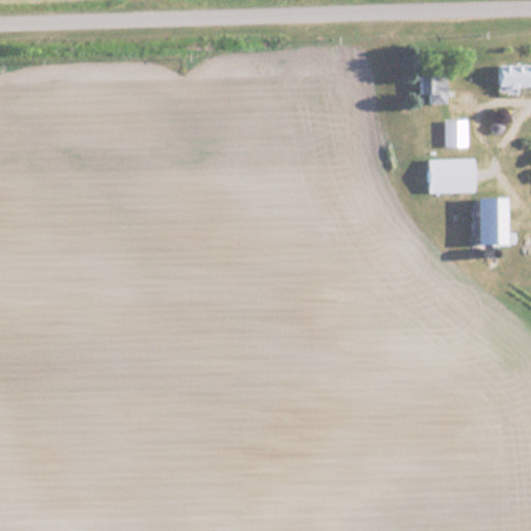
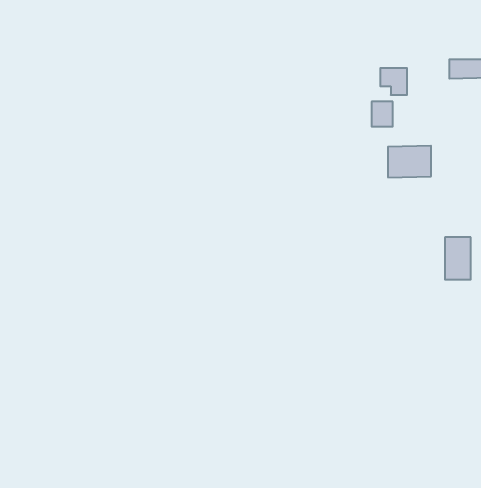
building: [447,120,470,147] -> [372,102,393,127]
building: [475,199,503,245] -> [445,237,471,280]

